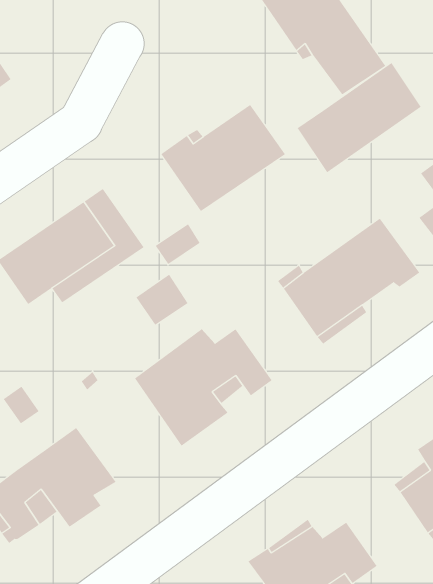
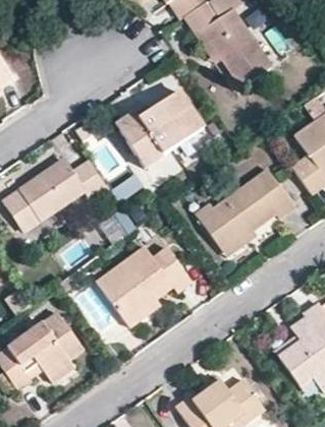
building: [297,62,422,173] -> none

